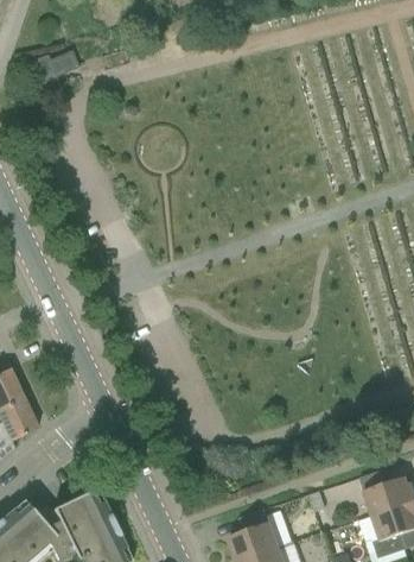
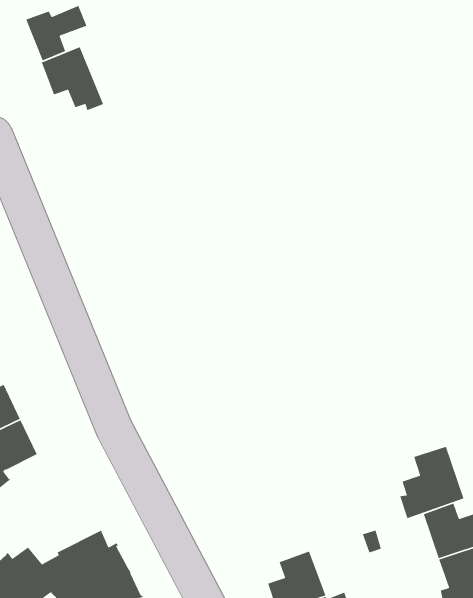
building: none -> [41,46,104,111]
building: none -> [399,446,465,519]

